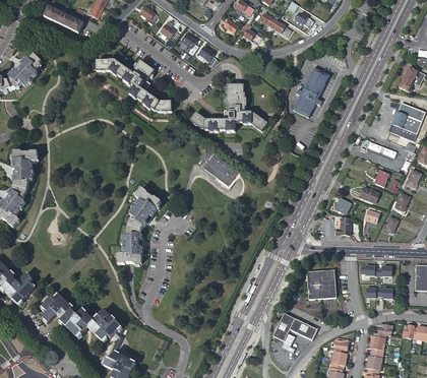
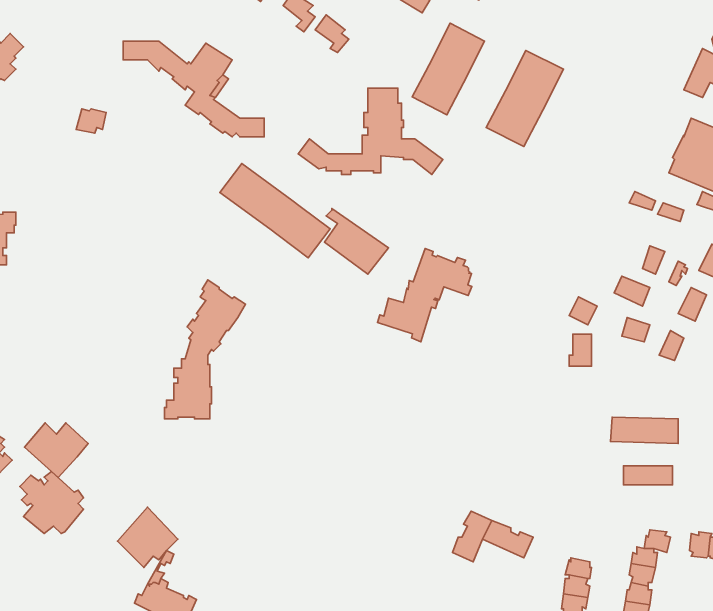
building: none -> [412,23,485,115]
building: none -> [220,164,330,258]
building: none -> [378,249,472,342]
building: [307,269,336,298] -> none
building: [63,311,98,340] -> [24,423,88,477]

